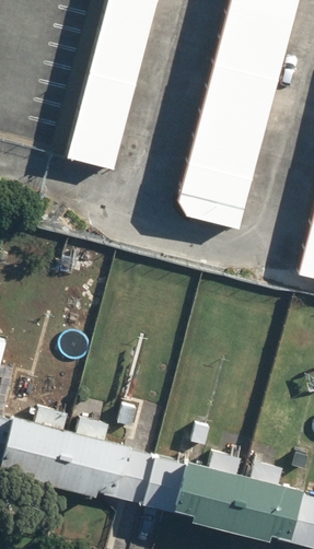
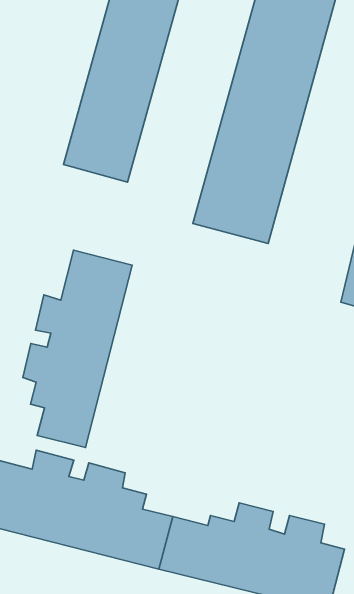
building: none -> [23,250,132,448]

